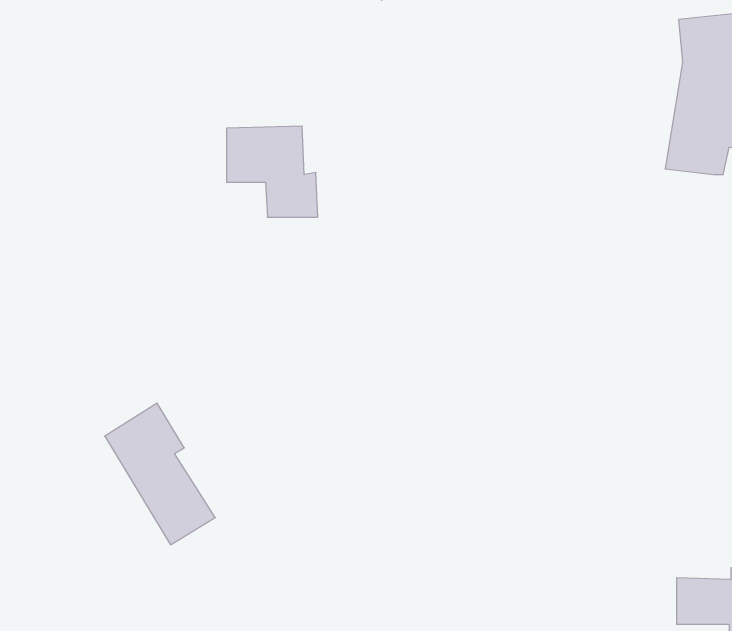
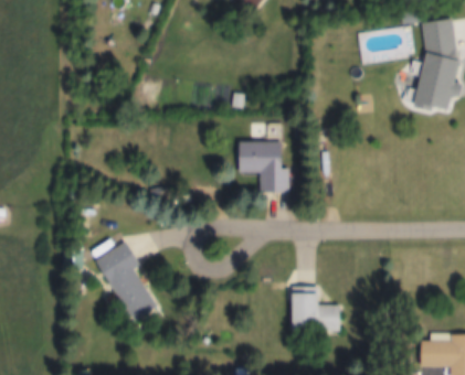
building: [227,126,318,217] -> [239,141,290,193]
building: none -> [290,287,340,332]

